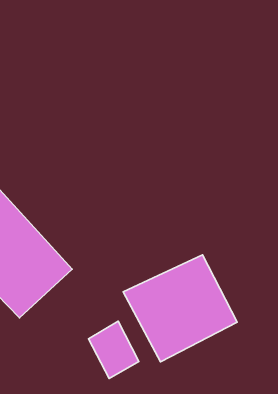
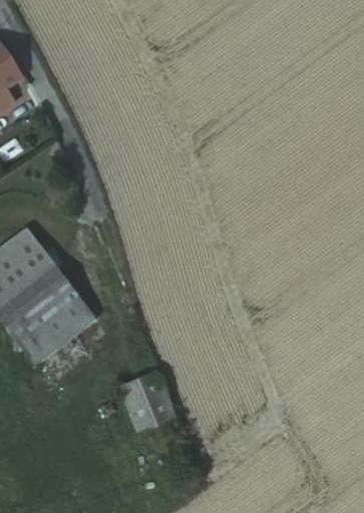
building: [123,255,237,362] -> none

